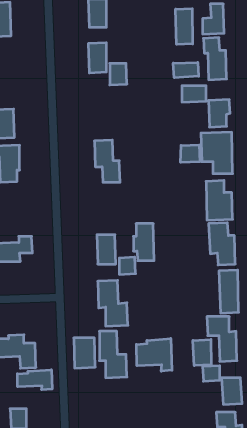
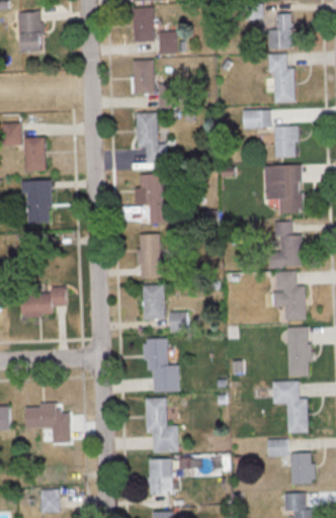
building: [176,9,193,44] -> none
building: none -> [159,31,176,55]
building: [173,62,199,78] -> none
building: none -> [136,112,165,162]
building: [181,145,200,162] -> none
building: [133,224,154,261] -> [137,235,161,278]
building: [74,338,95,368] -> [148,459,173,495]
building: [136,338,172,371] -> none
building: [193,339,211,366] -> none
building: [17,370,52,390] -> none

